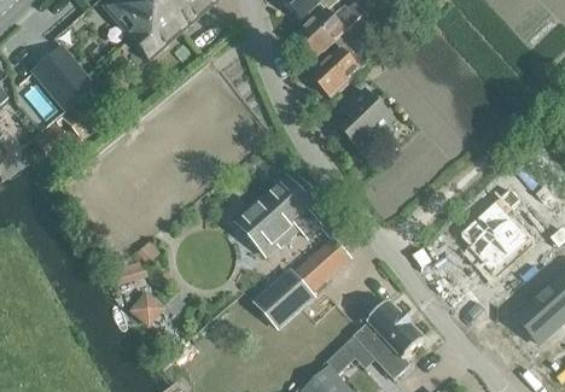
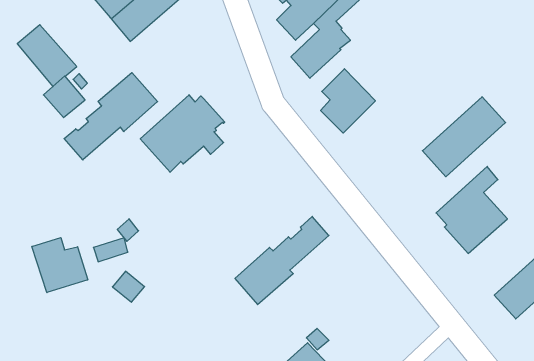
building: none -> [64,73,158,160]
building: none -> [422,97,506,177]
building: [235,176,321,254] -> [140,95,225,172]
building: none -> [32,238,88,293]
building: [353,302,423,379] -> none

